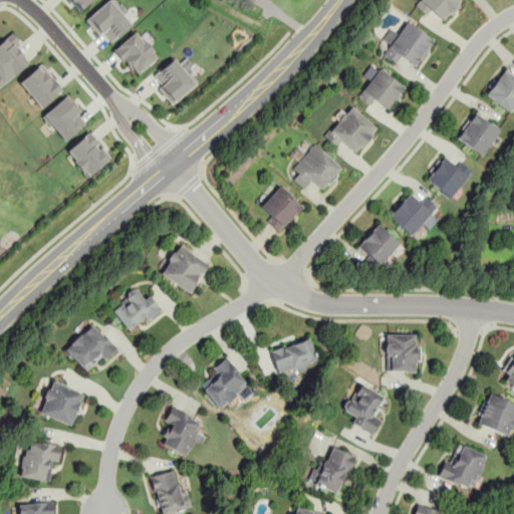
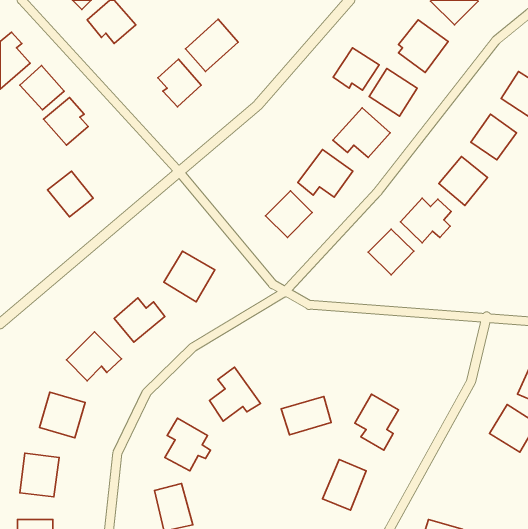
building: none -> [185,19,238,72]
building: [115,31,159,75] -> none
building: none -> [333,48,379,90]
building: [68,133,112,177] -> [48,171,93,217]
building: [387,334,419,373] -> none
building: [271,338,319,375] -> [281,396,331,435]
building: [439,446,487,491] -> none

